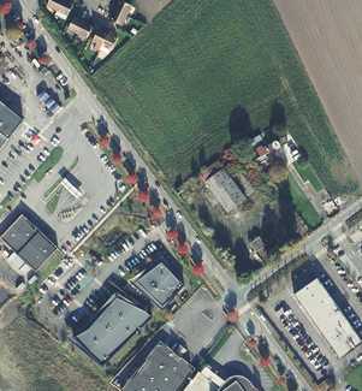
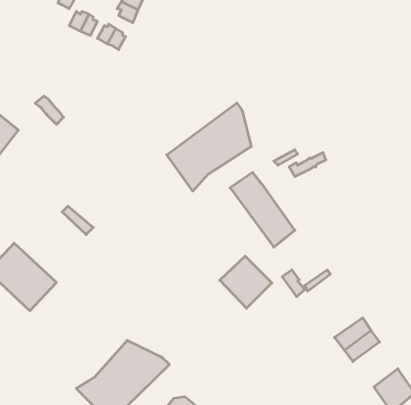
building: none -> [167,103,251,191]
building: [137,262,182,307] -> [220,256,272,308]
building: [308,298,345,337] -> none

